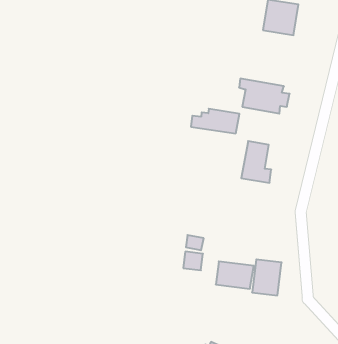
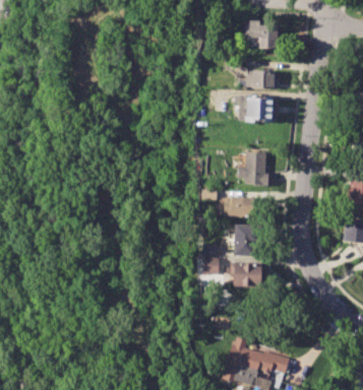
building: [191,109,239,133] -> [238,71,281,90]
building: none -> [223,196,256,217]
building: [252,259,282,295] -> [235,223,258,254]

